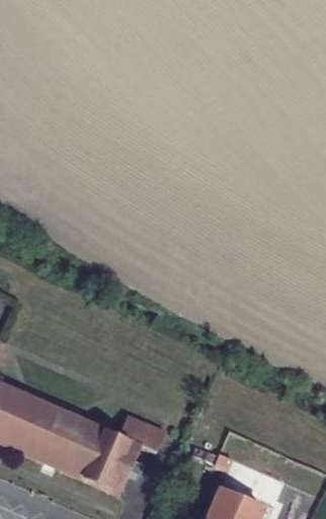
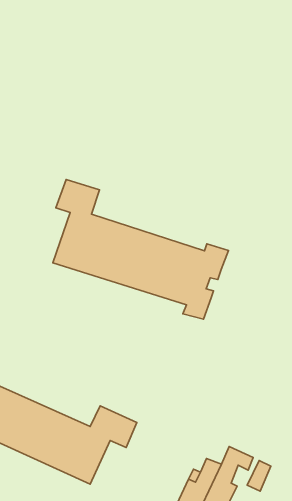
building: none -> [53,179,228,319]

